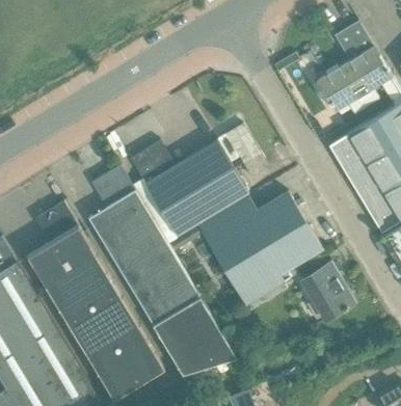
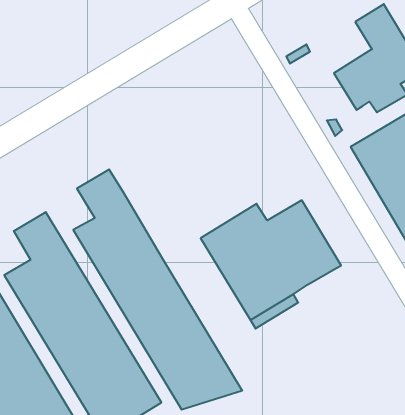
building: [131,135,247,243] -> none
building: [292,251,354,320] -> none

